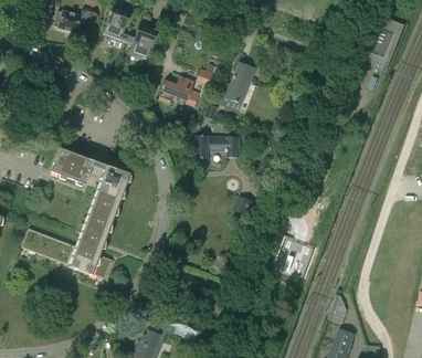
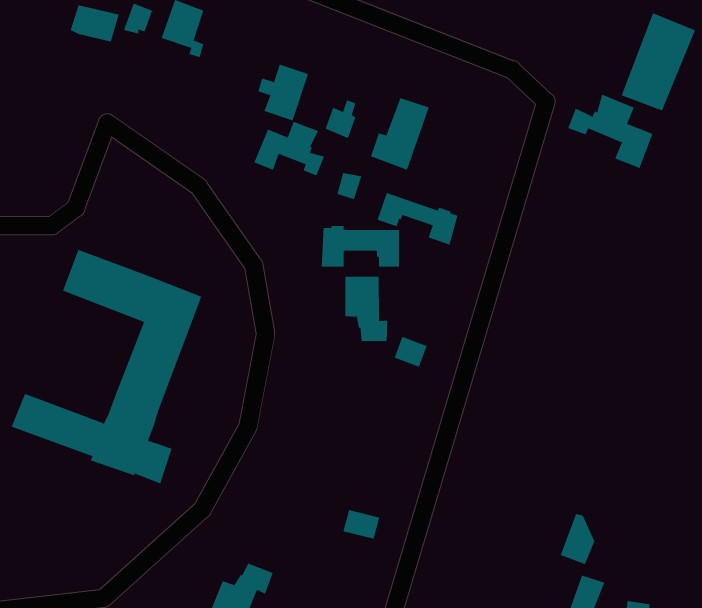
building: [127,25,156,57] -> [258,64,309,121]
building: none -> [568,94,653,169]
building: none -> [377,192,458,245]
building: none -> [345,276,388,342]

